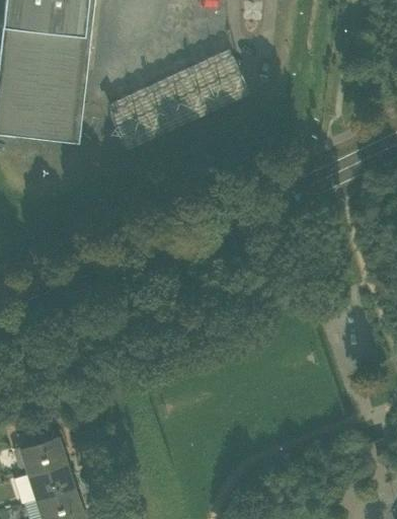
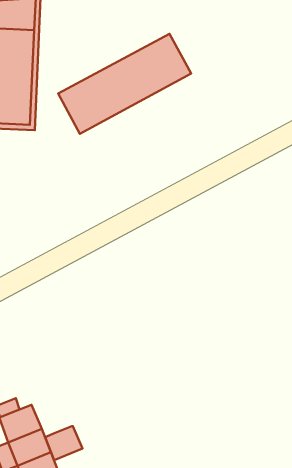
building: none -> [45,426,83,460]

